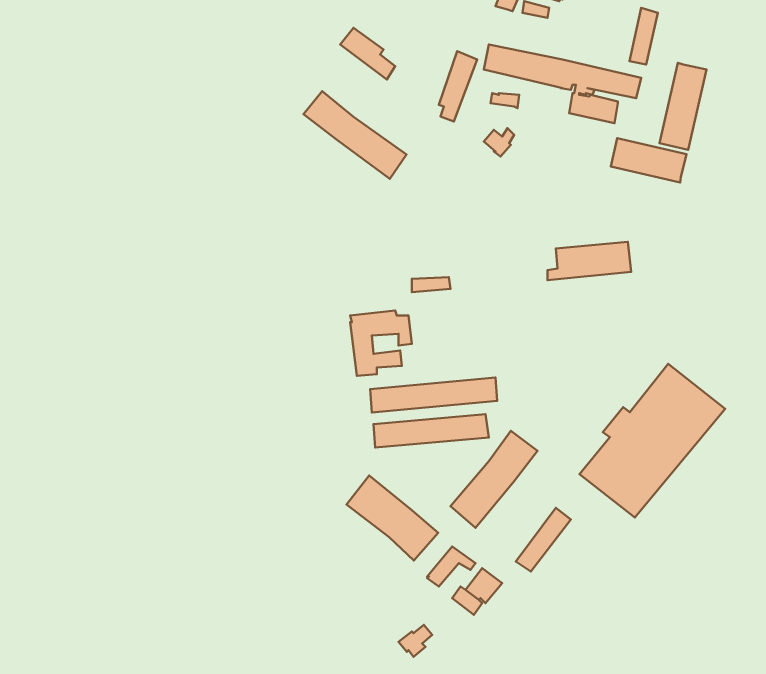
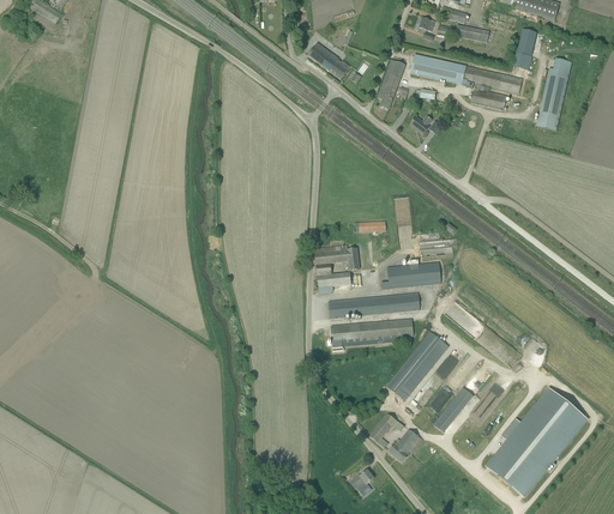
building: [303,91,406,179] -> none
building: [611,138,687,183] -> none
building: [548,242,631,280] -> [381,261,441,289]
building: [580,364,725,518] -> [484,387,589,497]
building: [347,476,438,560] -> none

